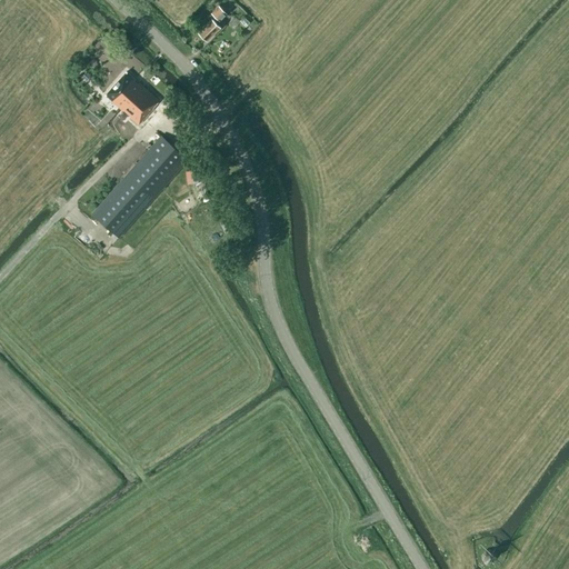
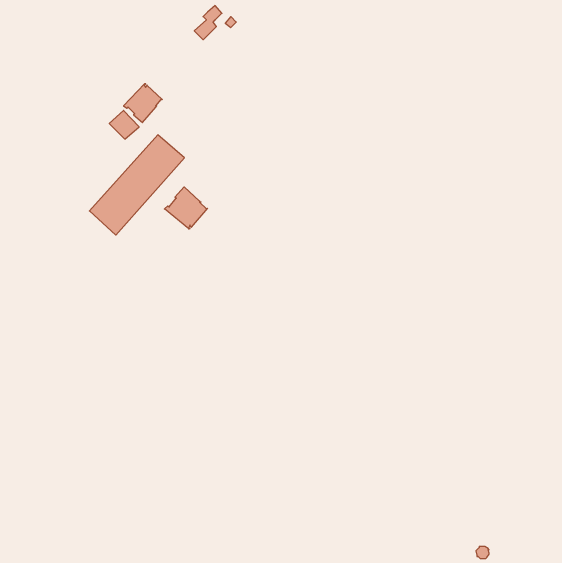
building: [110,71,146,108] -> none
building: none -> [164,187,207,229]

